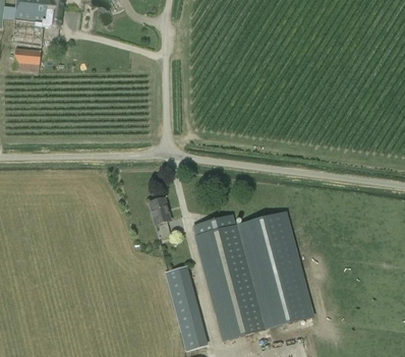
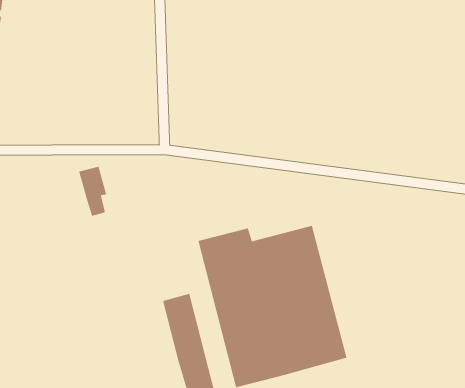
building: [149,196,171,236] -> [78,166,107,217]

